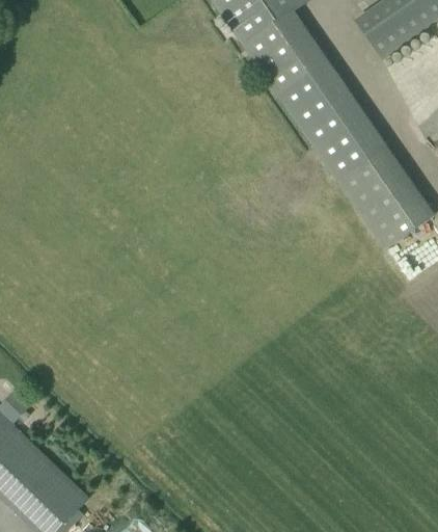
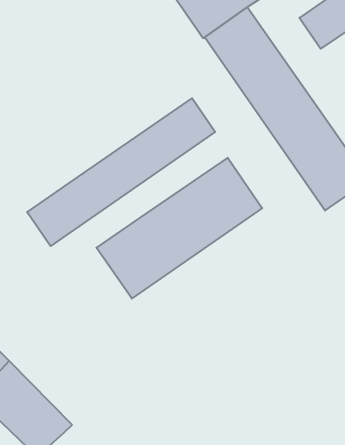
building: none -> [27,98,215,246]
building: none -> [96,158,262,299]

